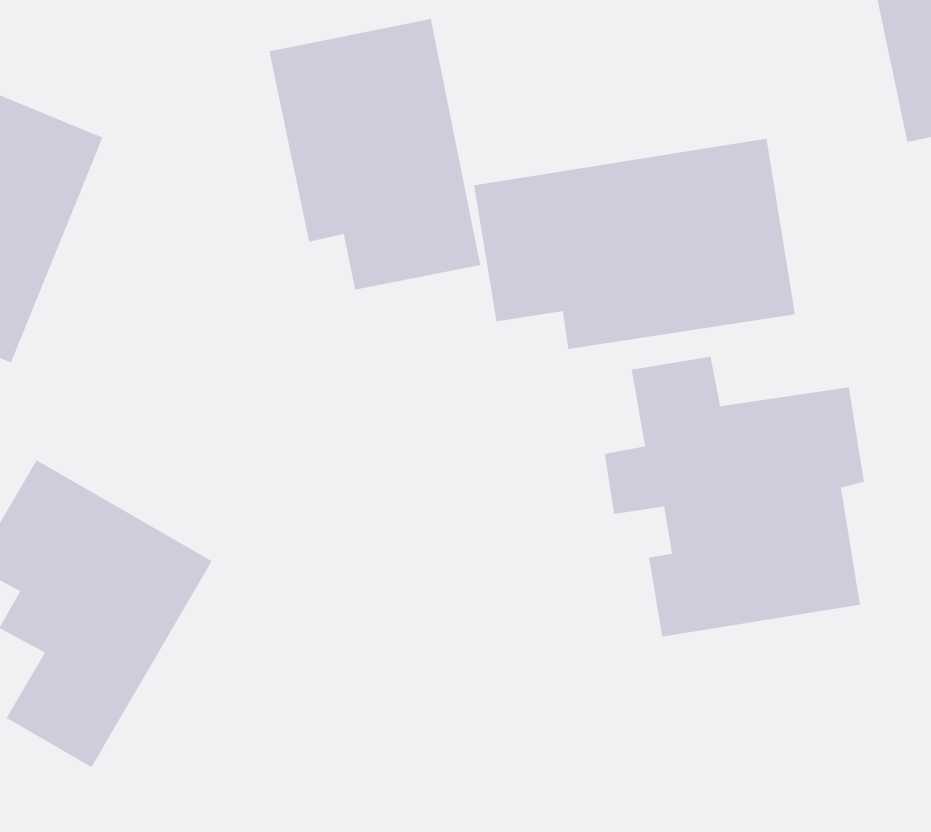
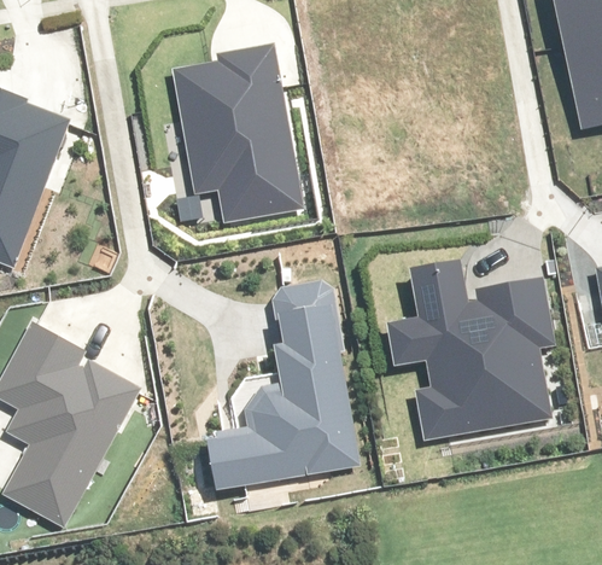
building: [473,138,796,350] -> none
building: none -> [200,291,362,490]

